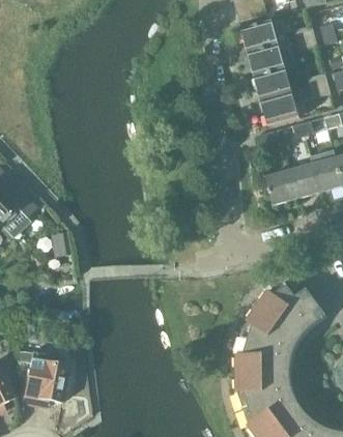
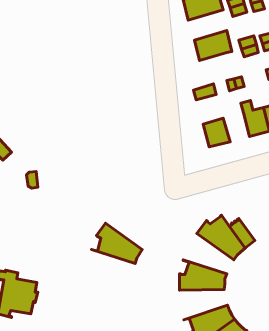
building: [247,41,294,78] -> none
building: [260,92,298,125] -> none
building: [288,164,319,198] -> none
building: [240,307,301,354] -> [91,223,142,263]
building: [236,373,293,409] -> none

